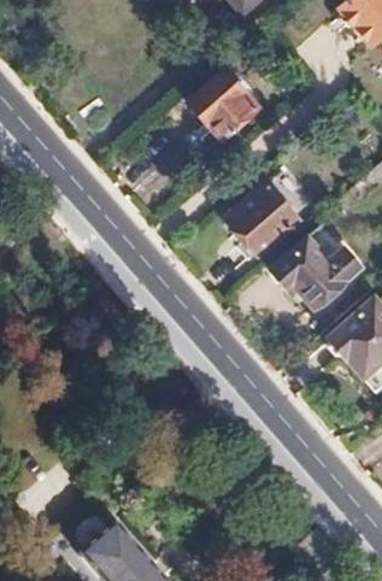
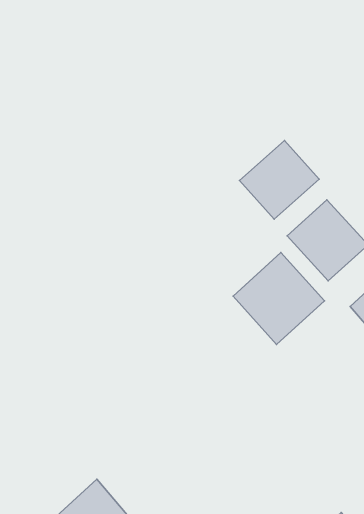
building: [190,70,258,135] -> none
building: none -> [233,252,324,344]

